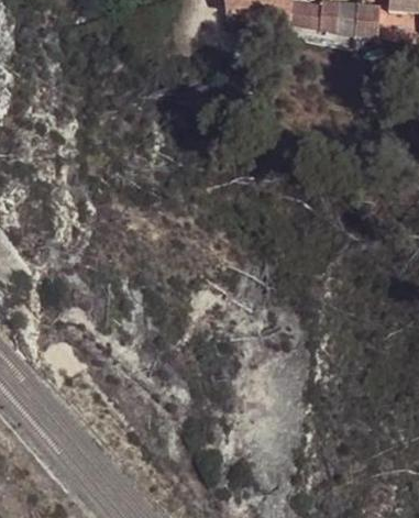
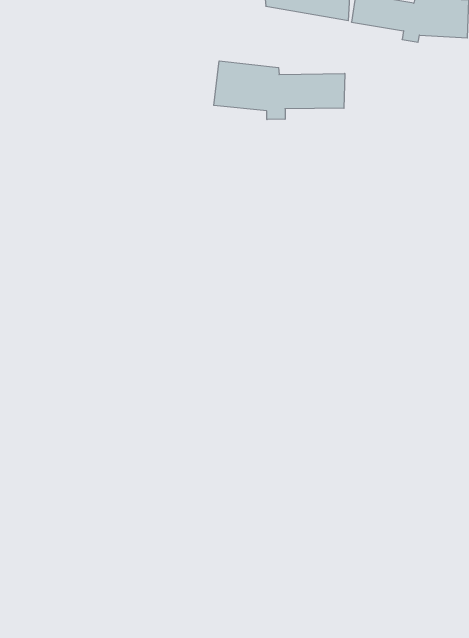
building: none -> [214,61,345,120]

